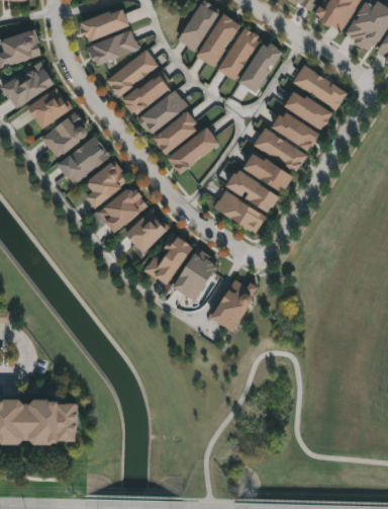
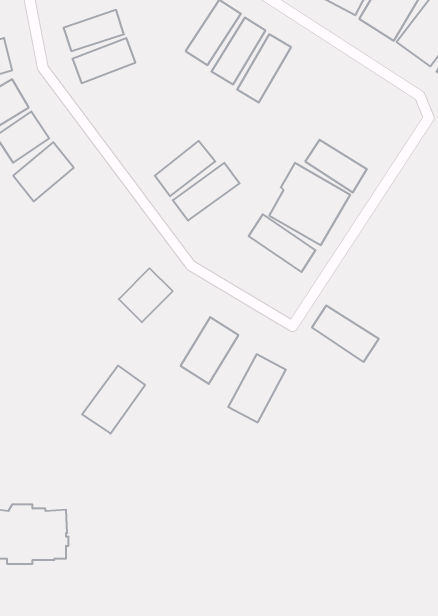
building: [238,39,283,93] -> none
building: [105,51,158,96] -> none
building: [284,66,346,131] -> none
building: [122,74,170,115] -> none
building: [136,91,187,135] -> none
building: [57,137,109,185] -> none
building: [85,161,128,208] -> none
building: [97,186,147,234] -> none
building: [213,190,266,235] -> [312,306,379,362]
building: [143,233,193,286] -> [82,366,145,434]

